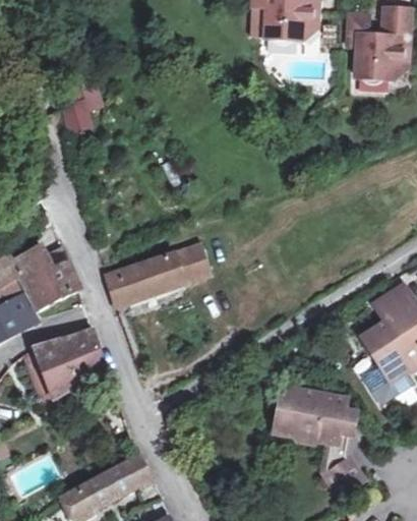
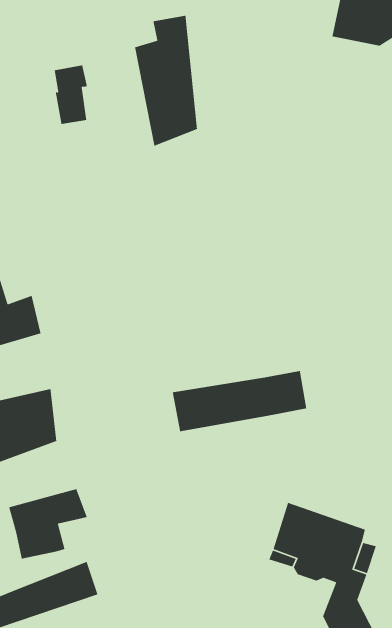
building: none -> [134,15,198,147]
building: [106,245,210,305] -> [172,370,307,432]
building: none -> [8,488,88,559]

